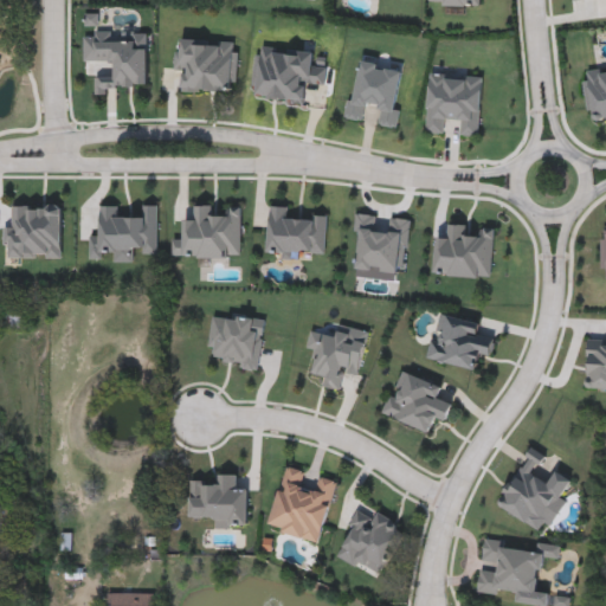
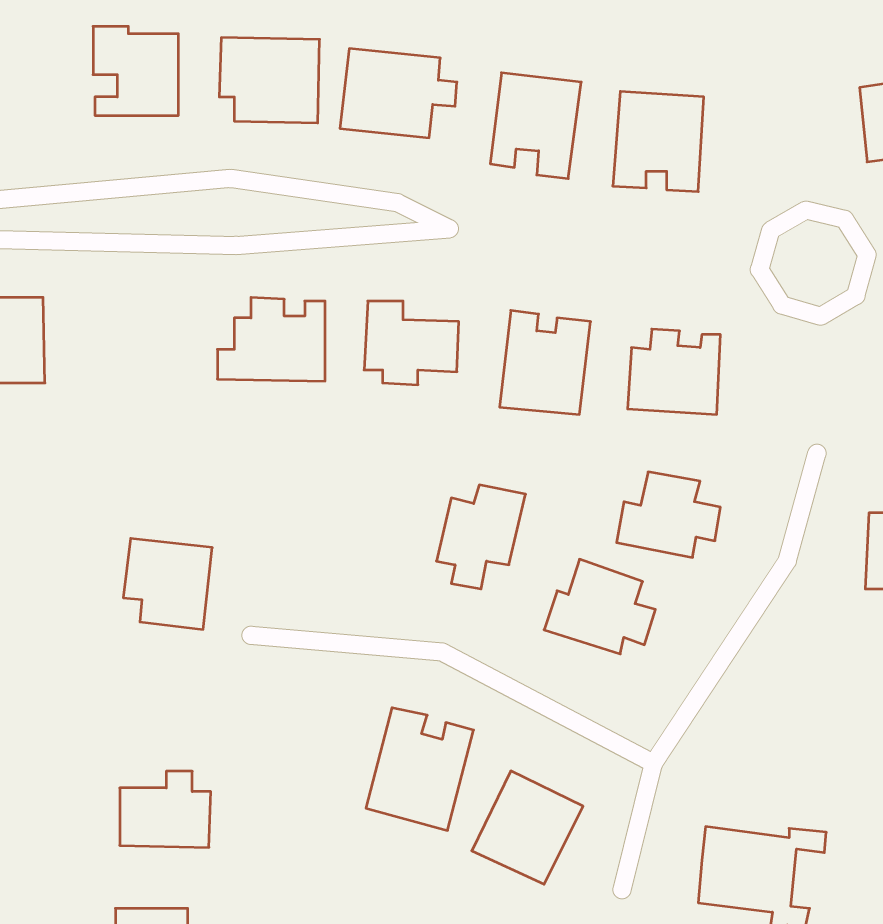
building: [88,205,157,262] -> none
building: [207,312,264,370] -> [123,538,212,629]
building: [494,445,570,531] -> none
building: [189,473,247,522] -> [120,771,211,847]

